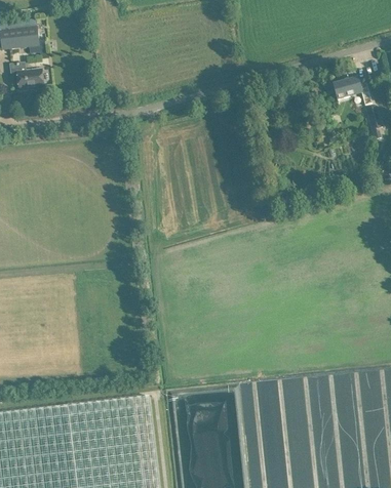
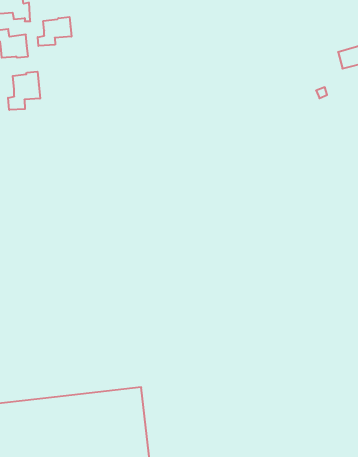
building: none -> [38,17,71,46]
building: none -> [8,72,40,110]

